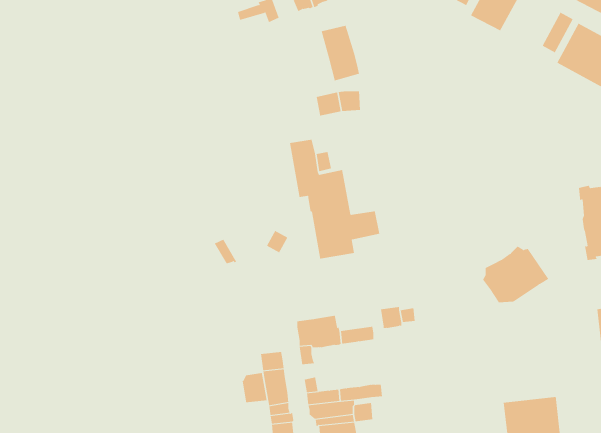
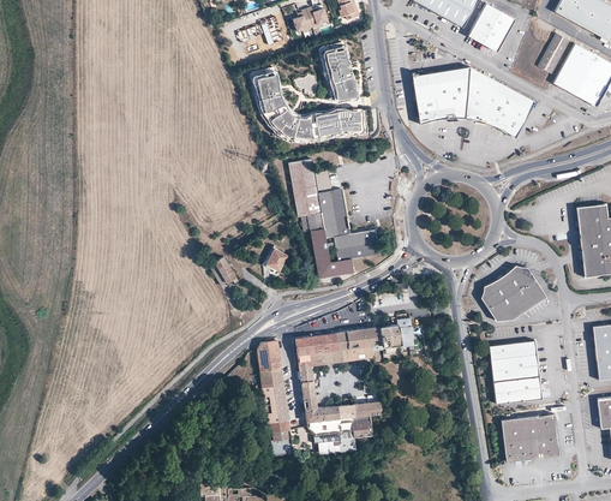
building: none -> [413,66,534,136]
building: none -> [256,73,282,112]
building: none -> [269,108,312,138]
building: none -> [335,327,382,348]
building: none -> [489,340,541,404]
building: [242,373,267,403] -> [257,341,282,371]

